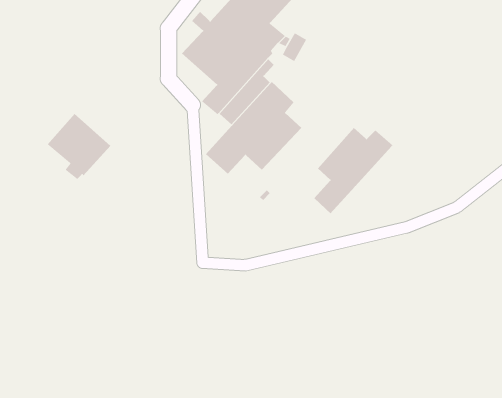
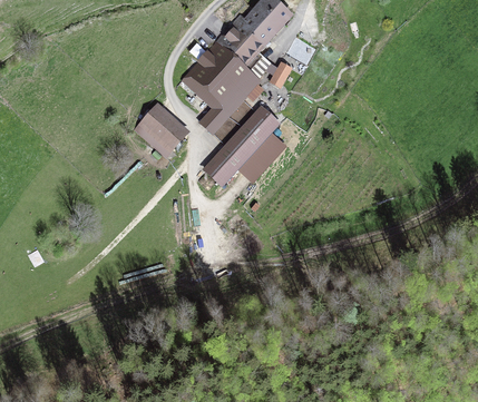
building: [47,113,111,180] -> [134,102,191,161]
building: [313,127,393,214] -> none

